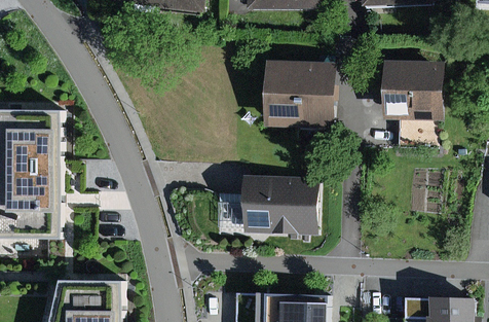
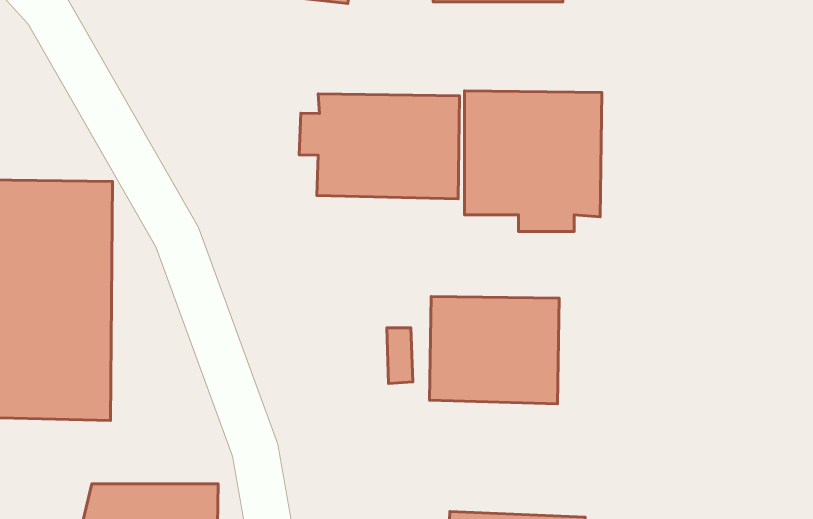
building: [384,60,444,145] -> none
building: none -> [299,94,460,199]

